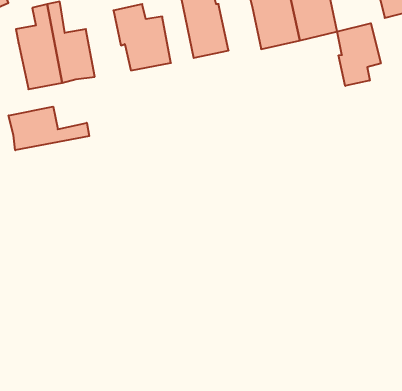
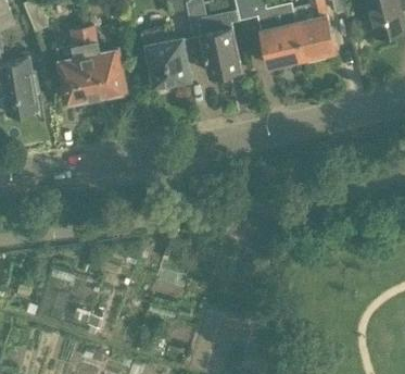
building: [337,23,381,86] -> none
building: [9,107,89,150] -> none

